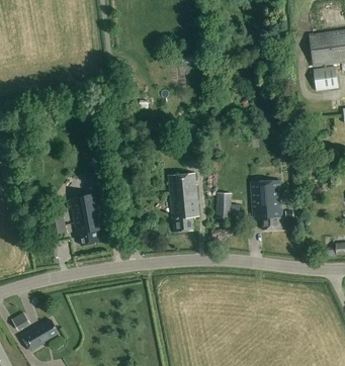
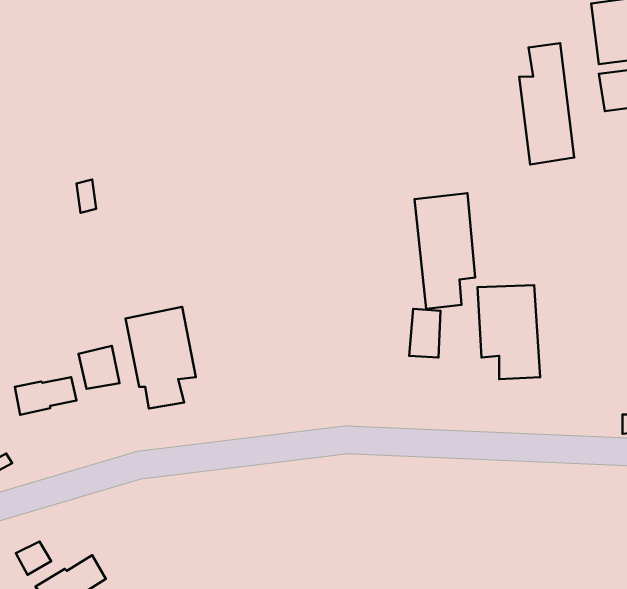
building: none -> [519,43,574,165]
building: [167,173,198,233] -> [415,193,475,309]
building: none -> [15,377,77,415]

